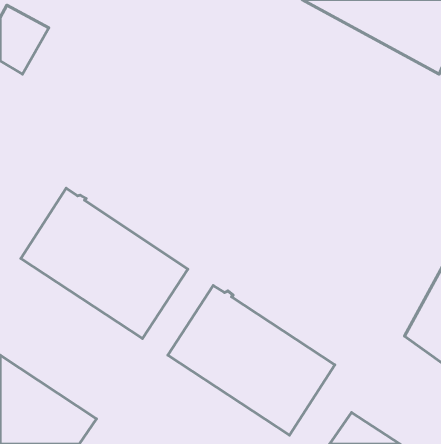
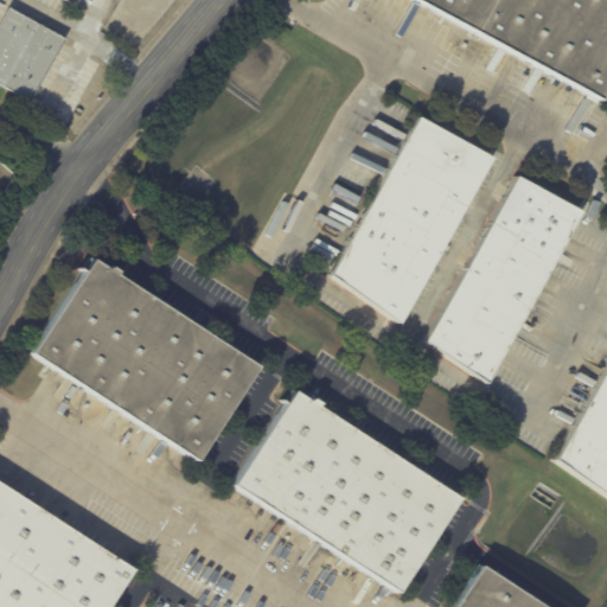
building: none -> [333,115,496,322]
building: none -> [429,174,586,383]

